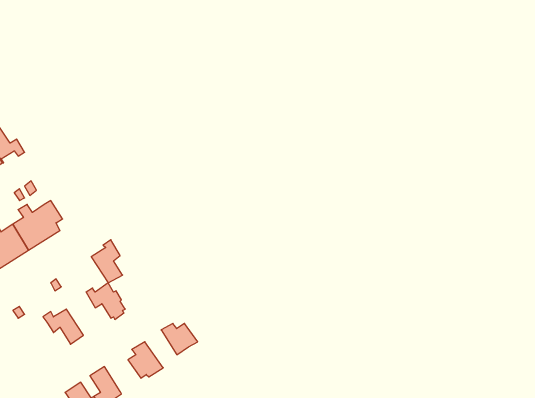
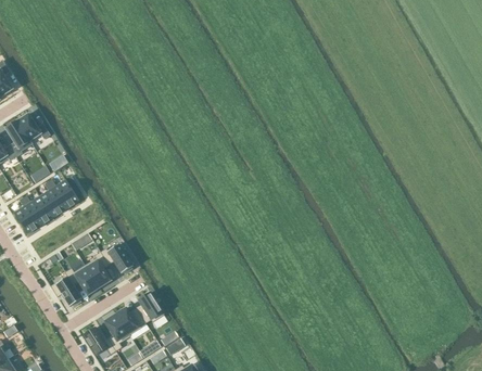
building: [91,240,123,283] -> [84,252,110,287]
building: none -> [50,277,81,307]
building: [161,323,198,355] -> [115,308,145,334]

